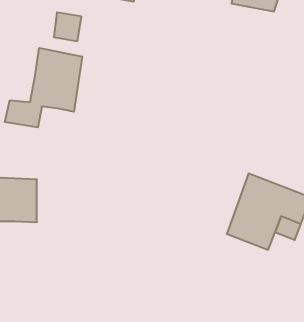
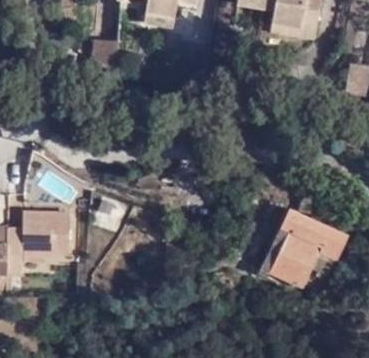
building: [5,48,82,127] -> none

